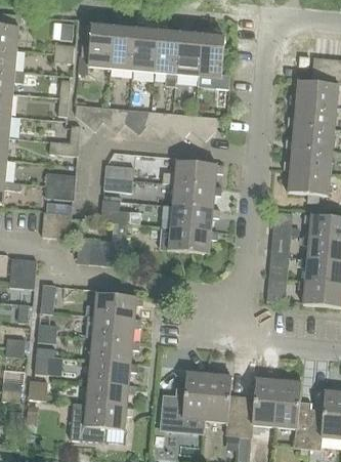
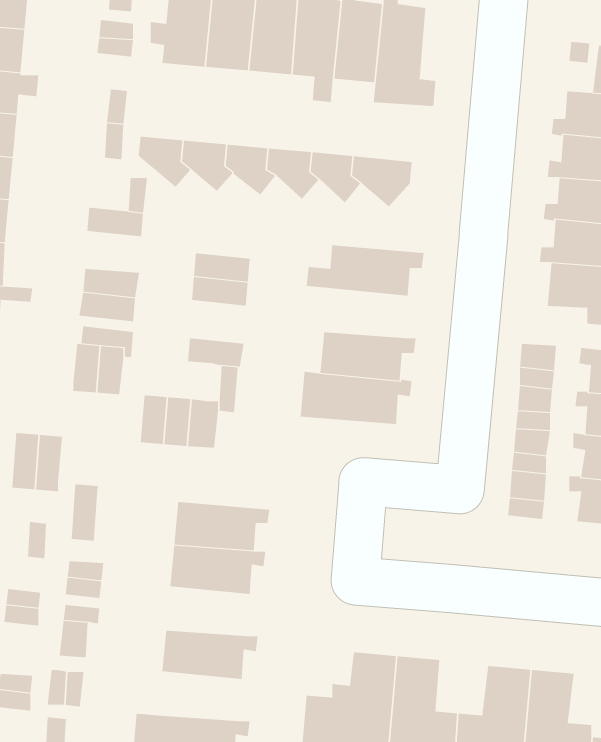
building: [171,182,221,208] -> none
building: [89,337,139,363] -> none
building: [85,381,135,407] -> none

